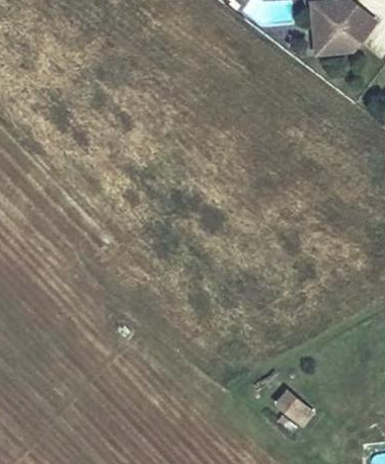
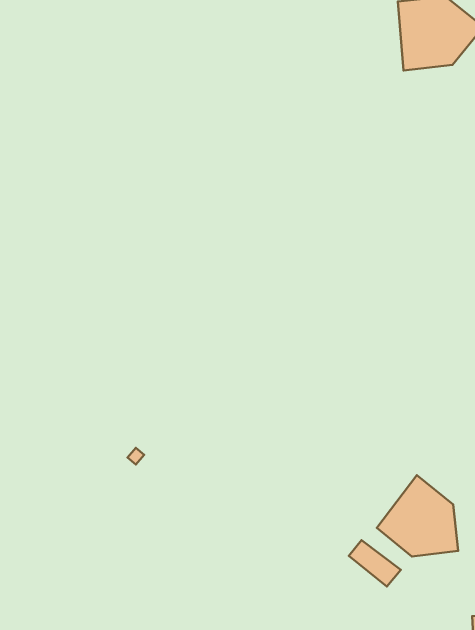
building: none -> [377,475,458,557]

